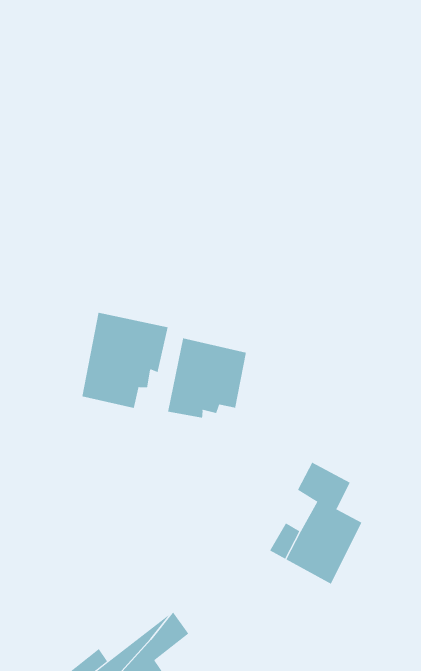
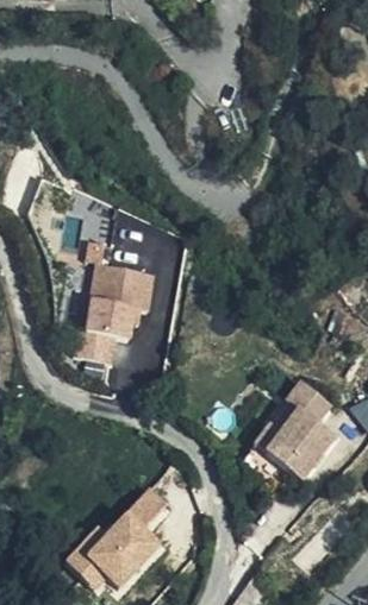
building: [167,338,246,419] -> none

